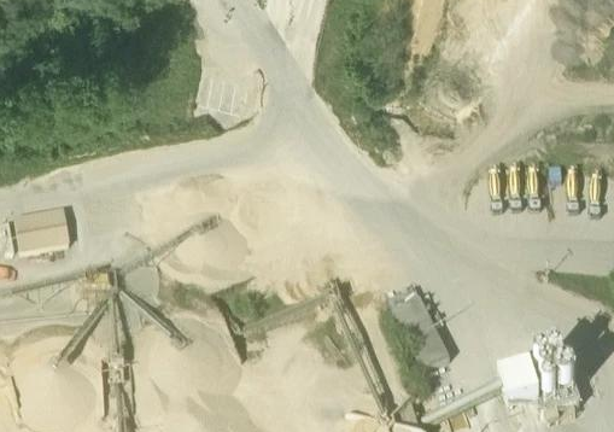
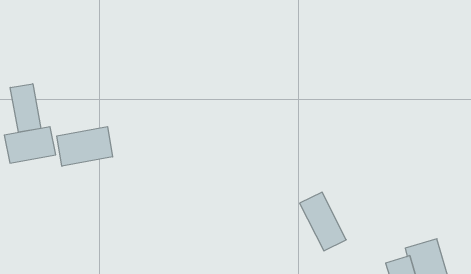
building: none -> [10,84,41,132]
building: none -> [57,127,113,166]

